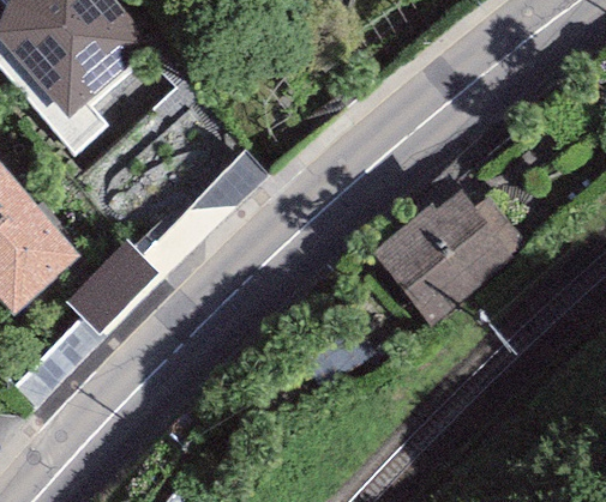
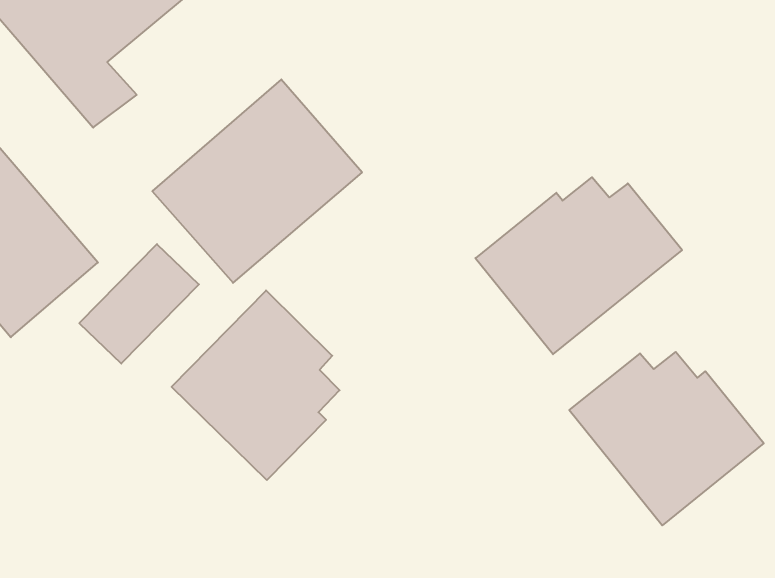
building: none -> [172,290,340,480]
building: none -> [569,352,764,525]

